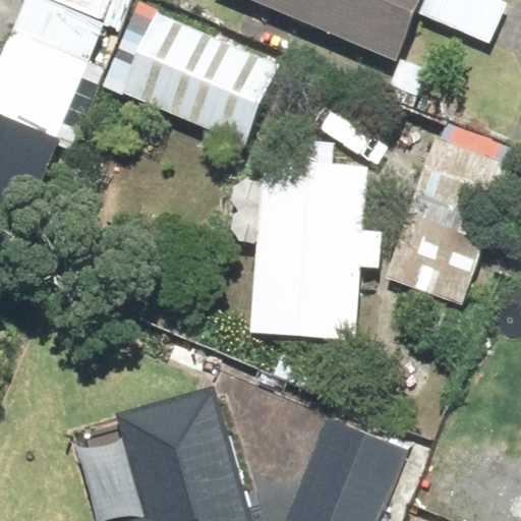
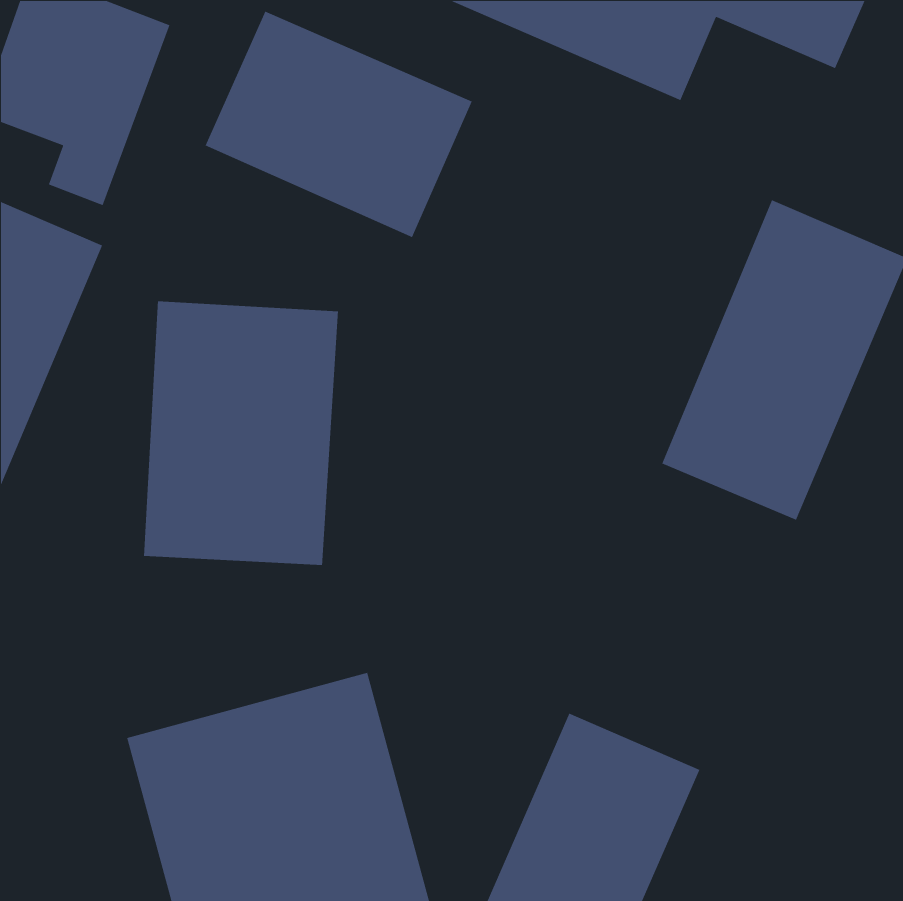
building: [264,138,379,339] -> none
building: none -> [143,300,339,566]

